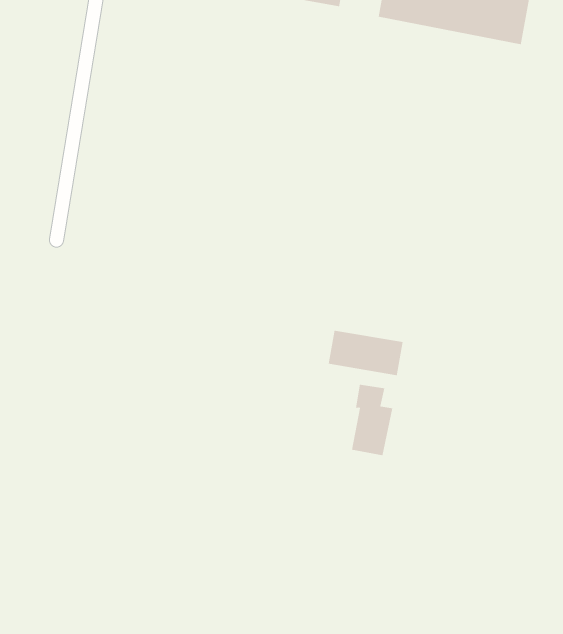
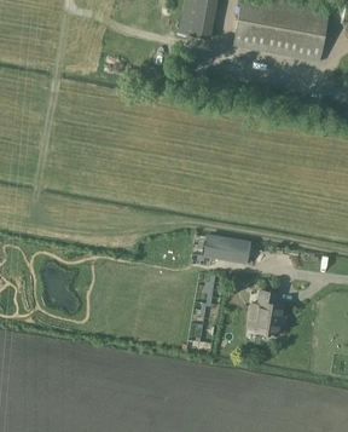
building: [351,384,393,456] -> [256,290,282,334]

